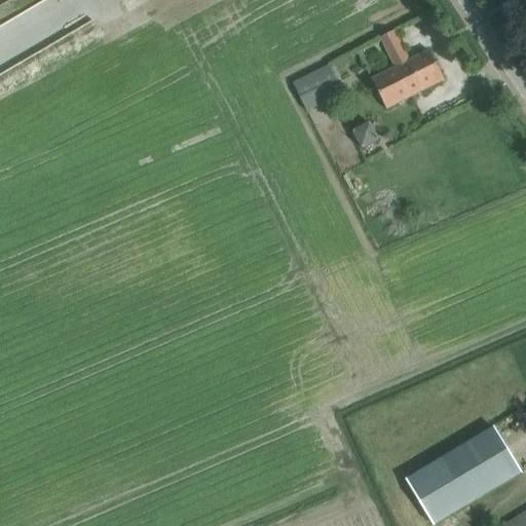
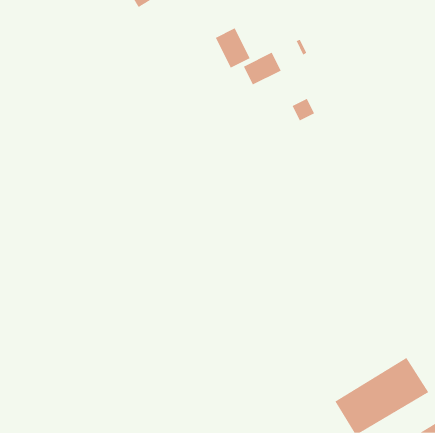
building: [373,29,445,107] -> none
building: none -> [215,27,250,68]

